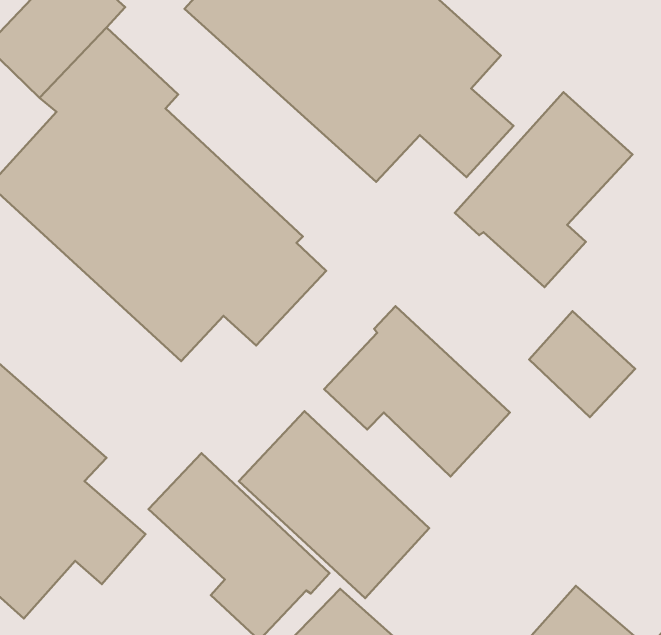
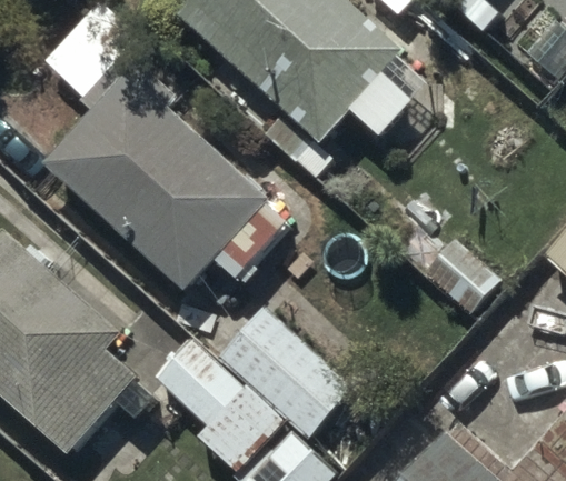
building: [455,92,633,287] -> none
building: [324,306,510,476] -> none

